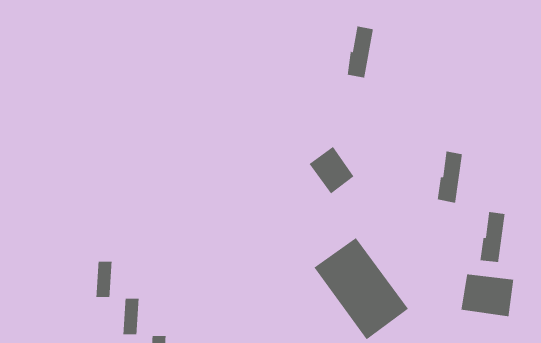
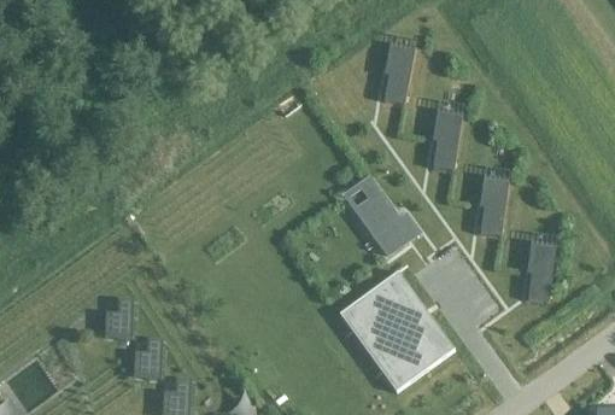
building: none -> [430,113,459,169]
building: none -> [365,208,418,256]
building: [461,273,514,317] -> none

